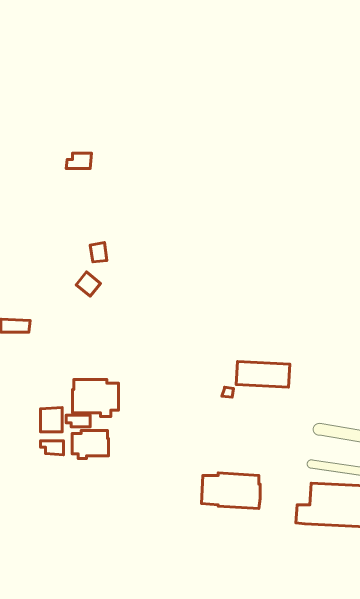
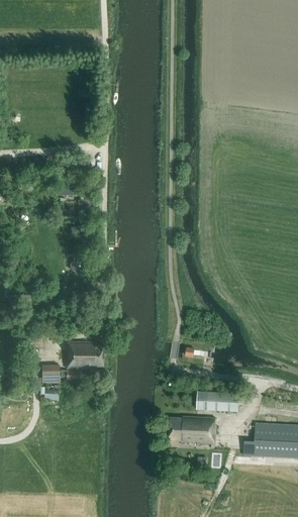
building: [236,362,290,387] -> [196,391,238,411]
building: [72,431,109,459] -> none

